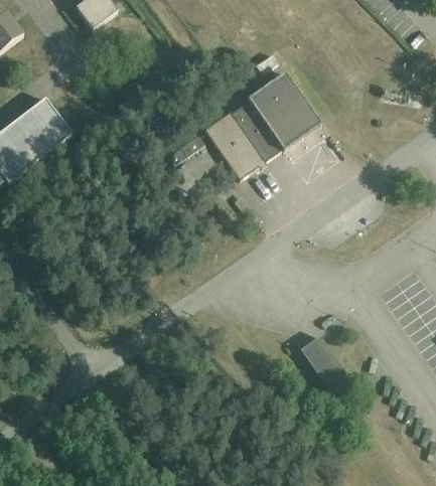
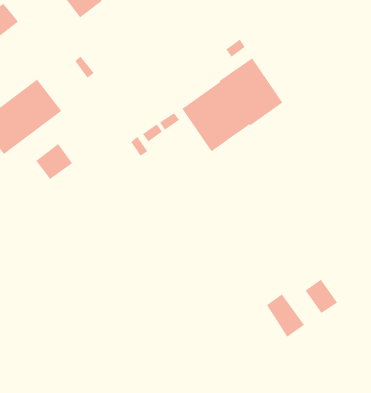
building: none -> [35,143,73,180]
building: none -> [305,279,338,314]

